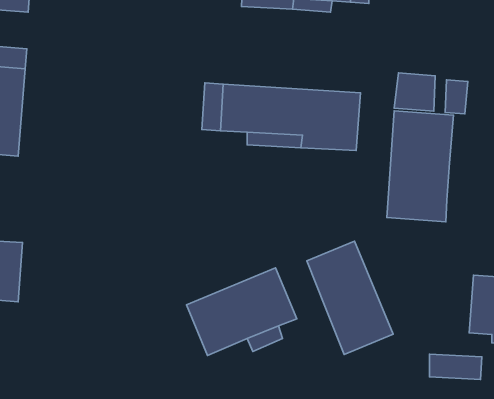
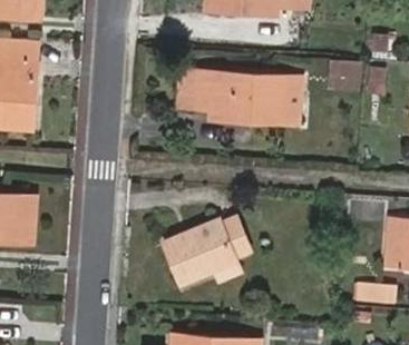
building: [387,111,453,222] -> none
building: [307,241,393,354] -> none

